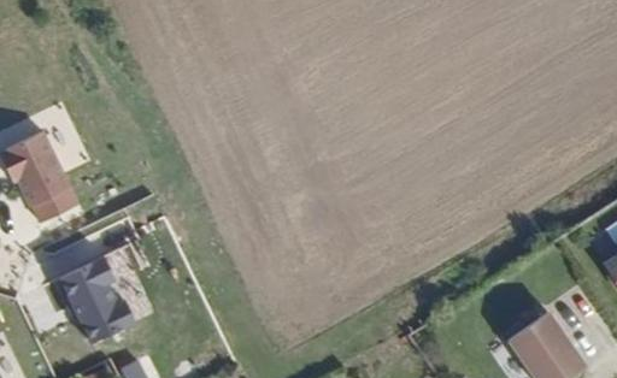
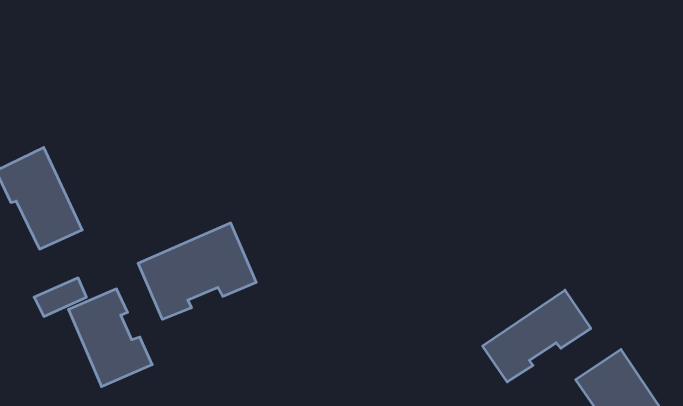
building: none -> [138,223,256,319]
building: none -> [483,290,591,382]

